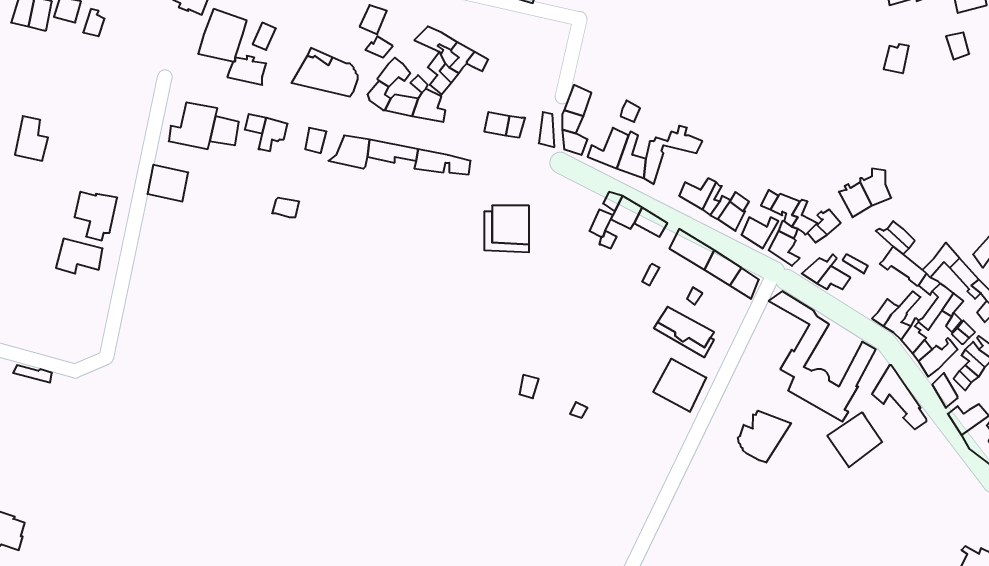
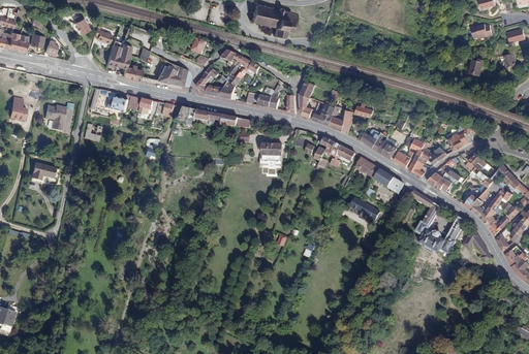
building: [74,192,117,240] -> [44,104,67,130]
building: [653,359,706,412] -> none
building: [738,411,791,463] -> none
building: [827,412,882,467] -> none

